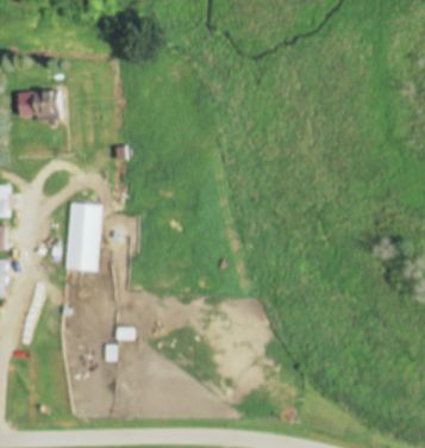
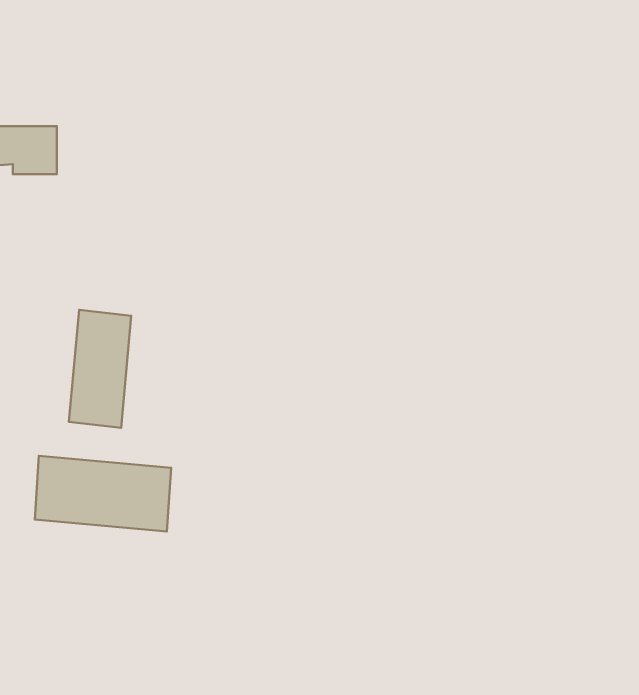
building: none -> [35,456,171,531]

